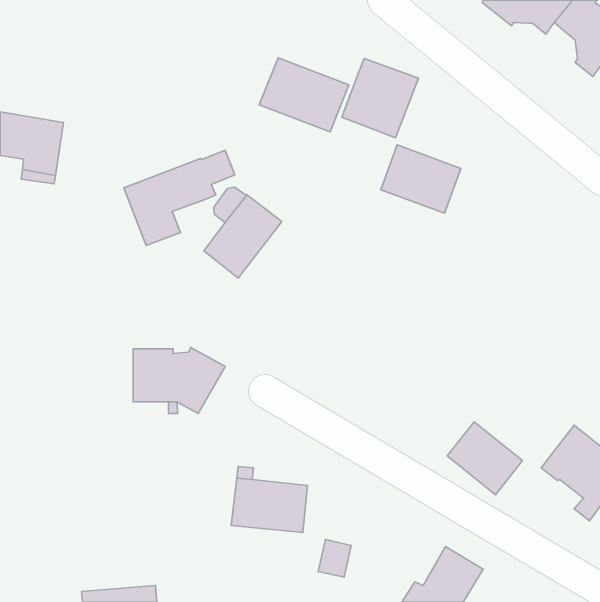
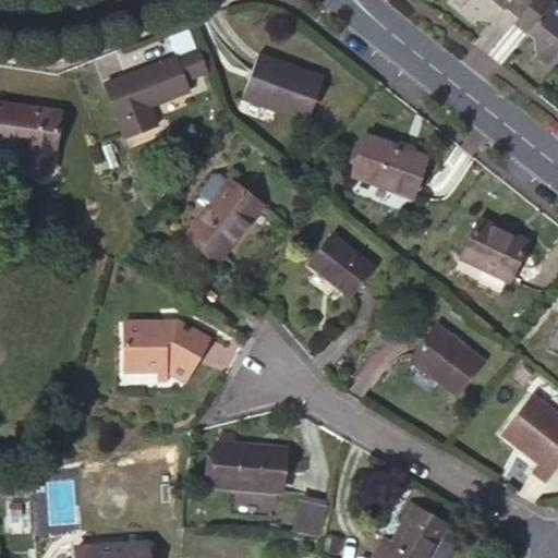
building: [342,59,418,138] -> none
building: [124,150,235,246] -> [106,49,208,137]
building: none -> [461,219,529,280]
building: none -> [310,235,373,296]
building: [447,422,523,495] -> [412,327,482,395]

